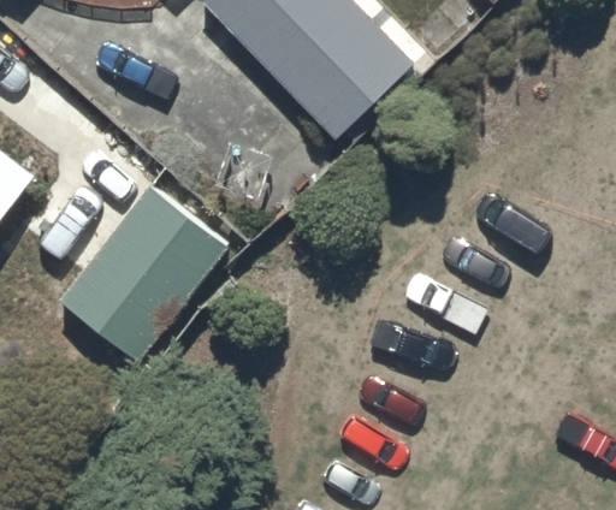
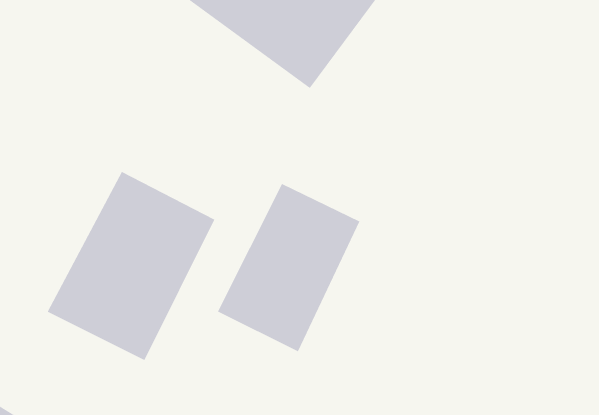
building: none -> [217,183,360,352]

